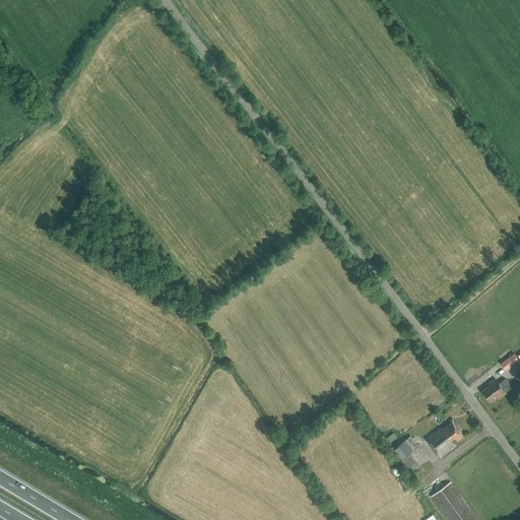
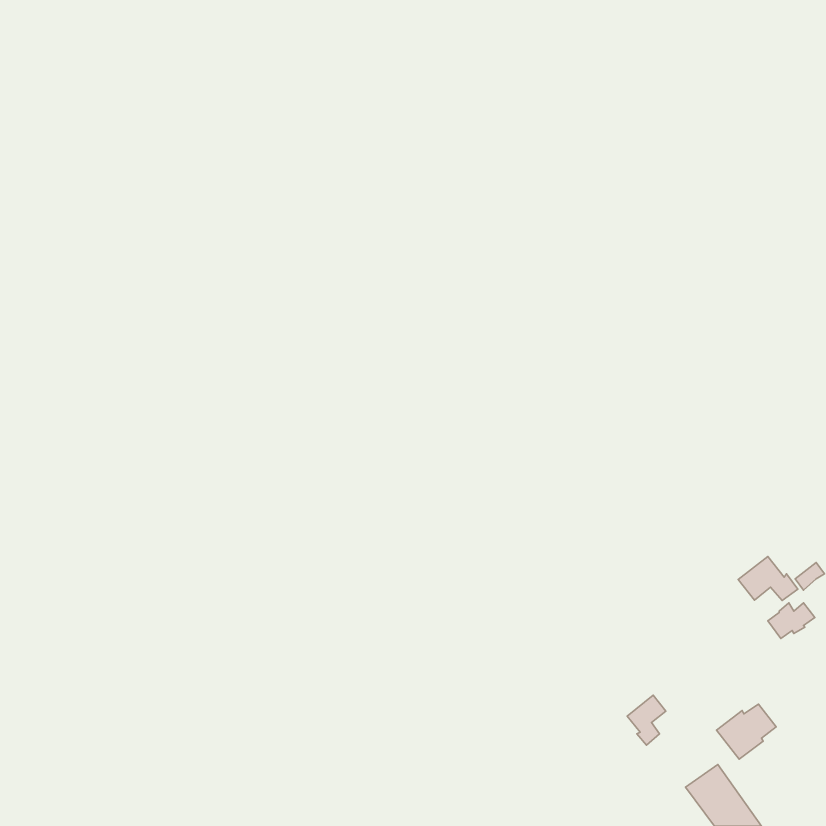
building: none -> [738,556,798,600]
building: [426,422,463,457] -> [716,704,776,759]

